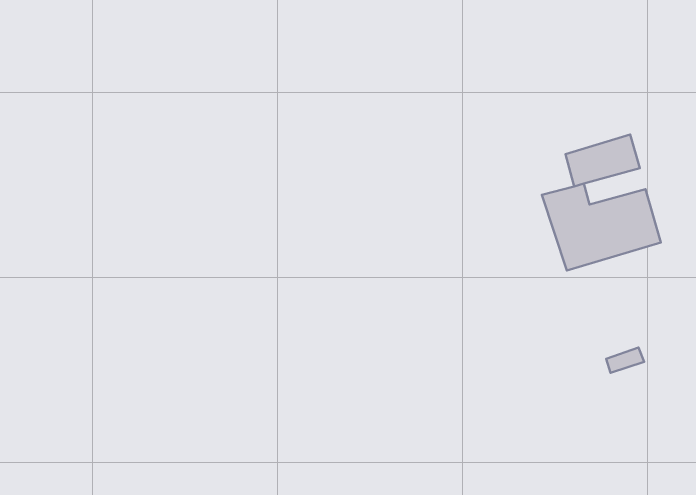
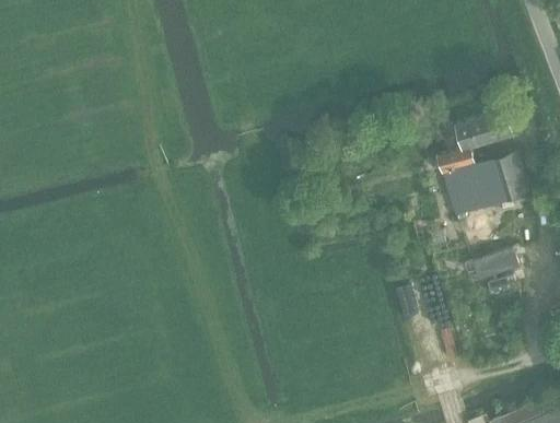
building: none -> [471,249,518,282]

